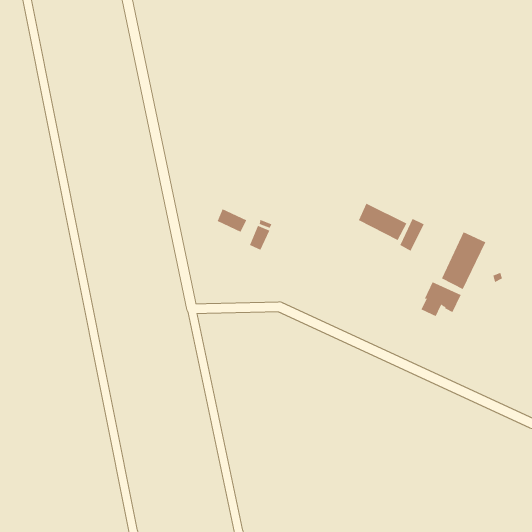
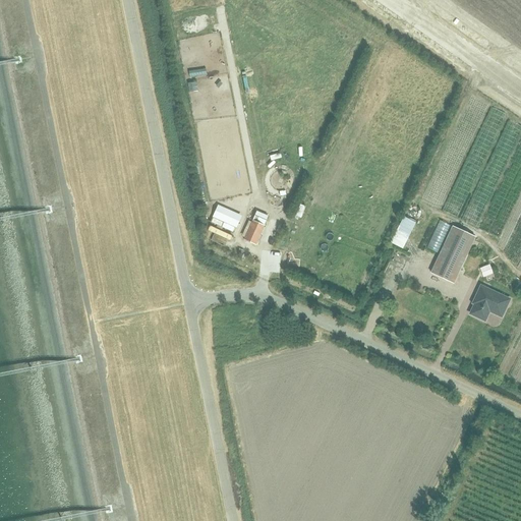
building: [358,203,407,241] -> none
building: [421,281,461,317] -> [470,286,510,321]

